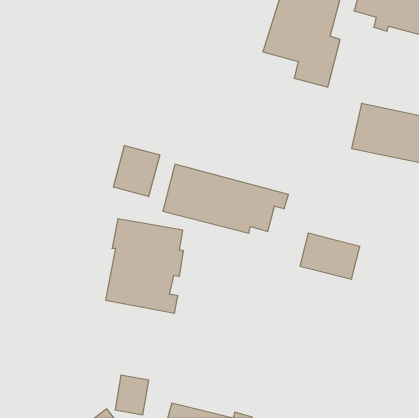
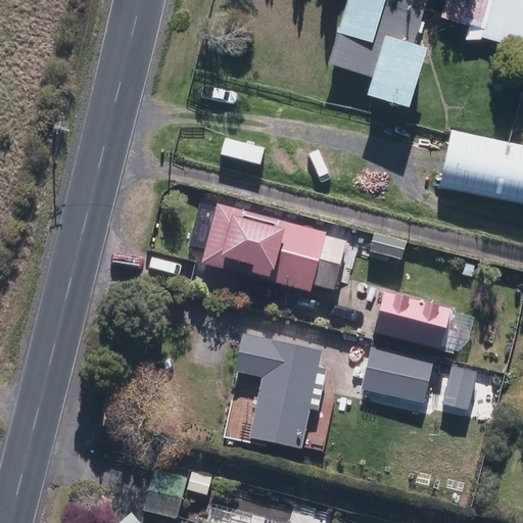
building: [114,145,160,197] -> none
building: [106,219,184,313] -> [228,334,325,451]
building: none -> [346,348,477,410]

